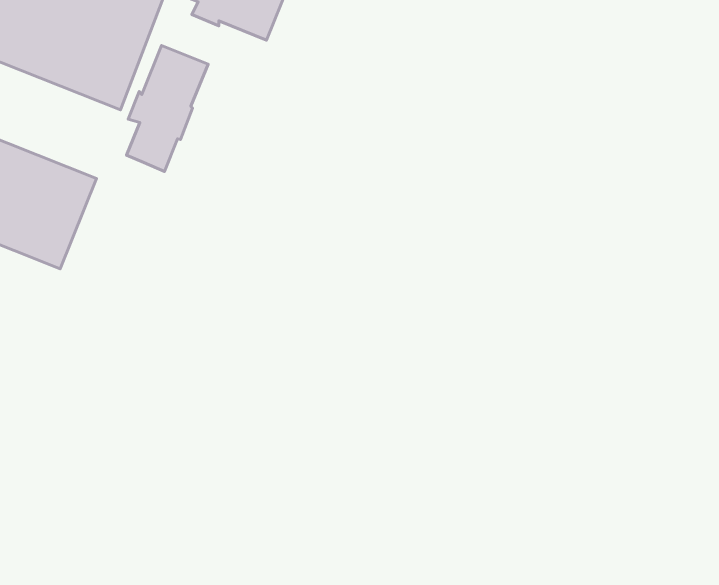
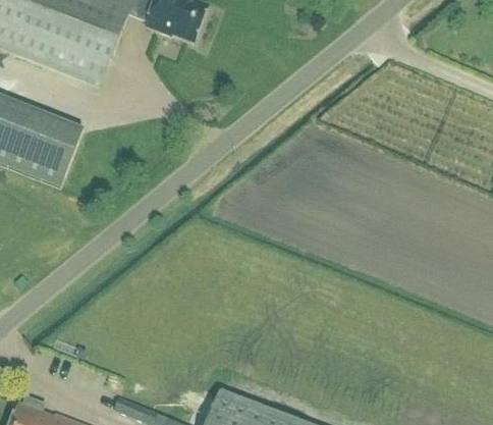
building: [127,46,208,171] -> none

